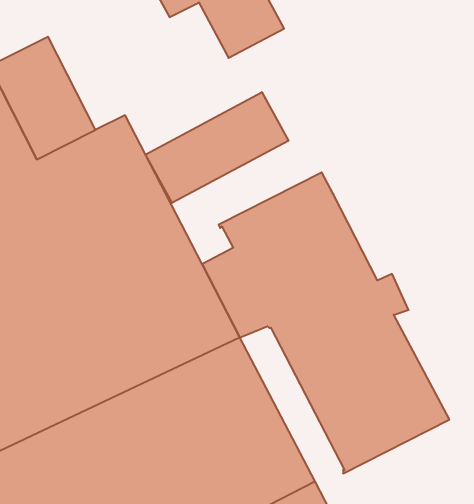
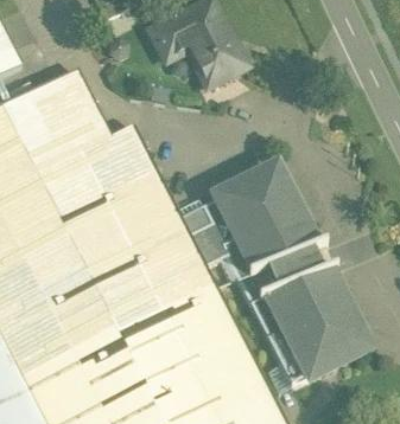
building: [145,92,289,203] -> none

